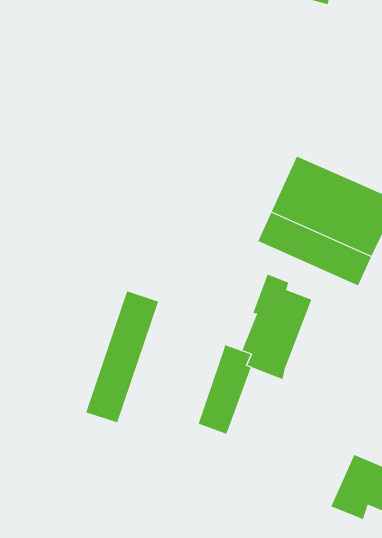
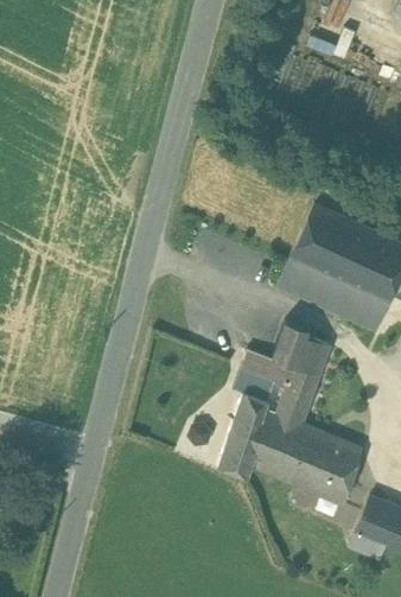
building: [85,291,159,423] -> none
building: none -> [233,350,275,396]
building: none -> [252,413,361,504]

